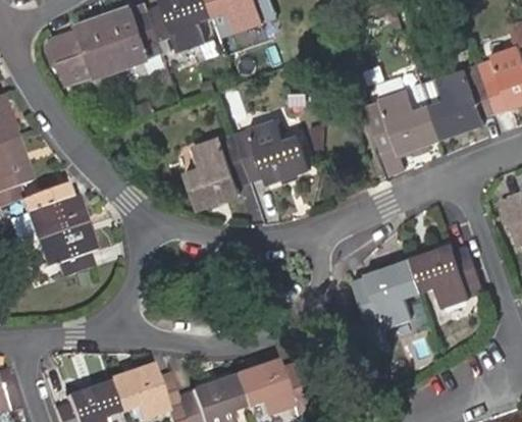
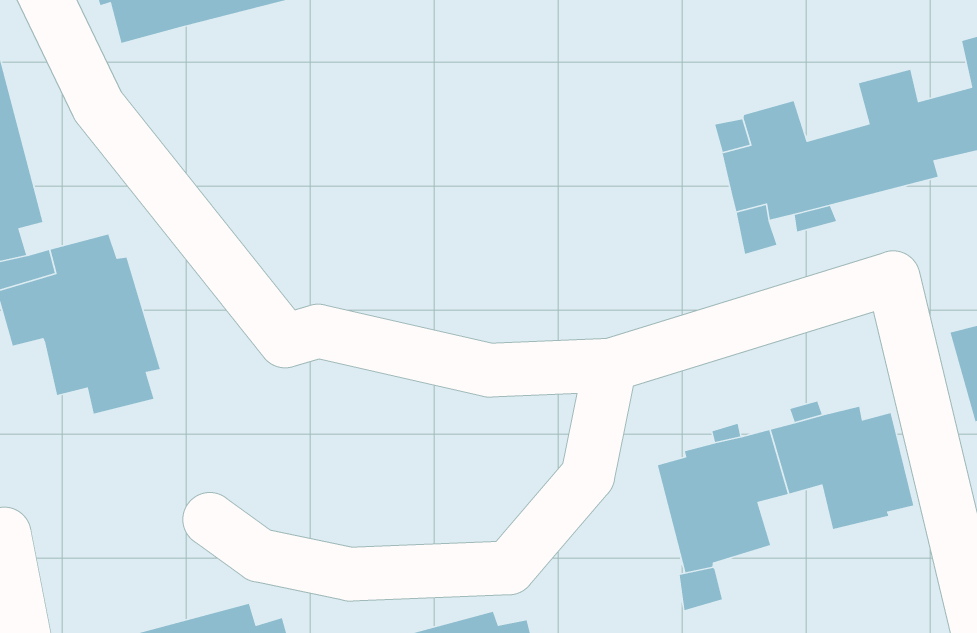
building: [186,118,311,208] -> none

